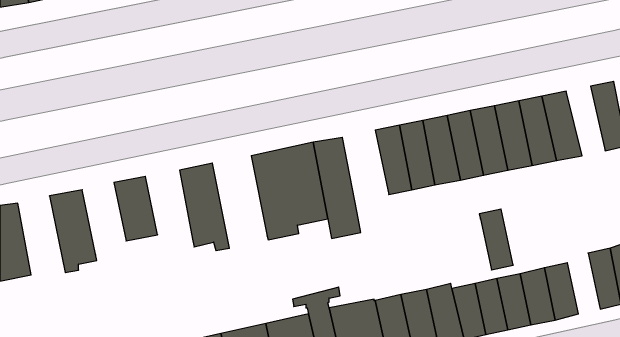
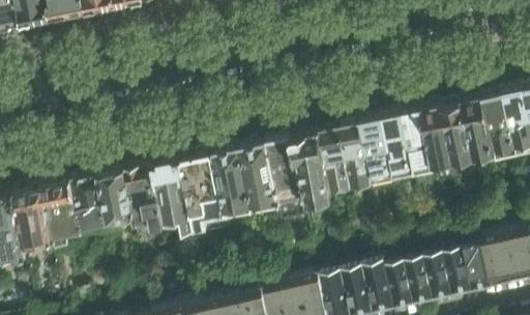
building: none -> [482,94,516,153]
building: none -> [292,132,332,202]
building: none -> [181,153,229,232]
building: none -> [124,166,165,237]
building: none -> [70,176,109,237]
building: none -> [16,188,56,256]
building: [479,209,513,270] -> [482,236,511,288]

